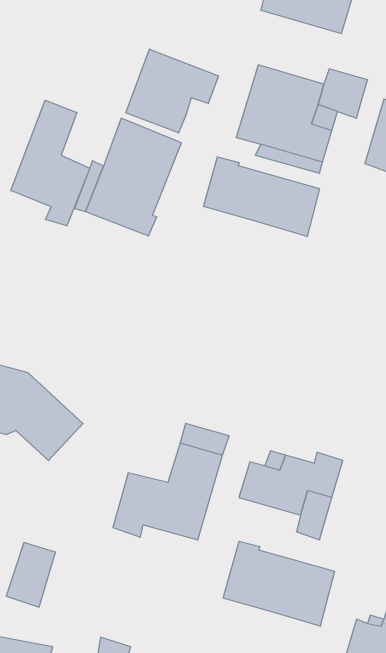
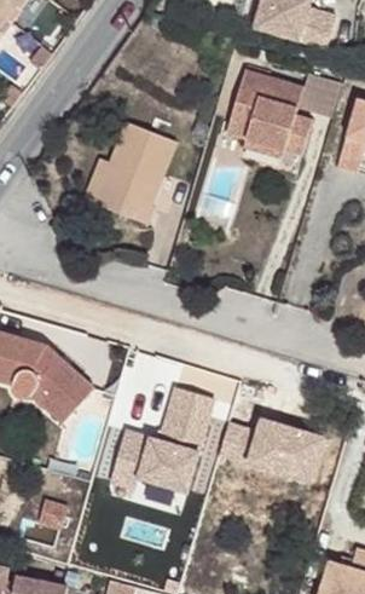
building: [126,49,218,133] -> none
building: [11,100,90,226] -> none
building: [204,157,319,237] -> none
building: [223,541,335,626] -> none

